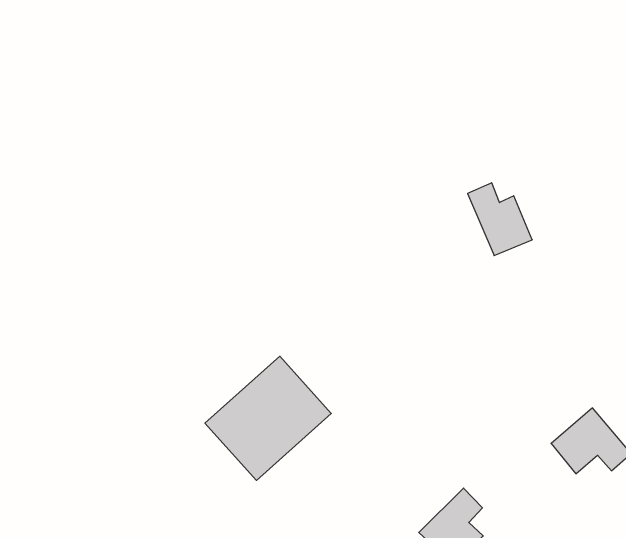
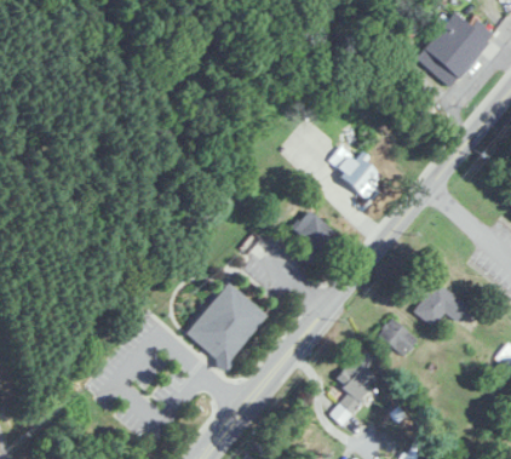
building: none -> [294,212,339,256]
building: none -> [378,319,418,357]

